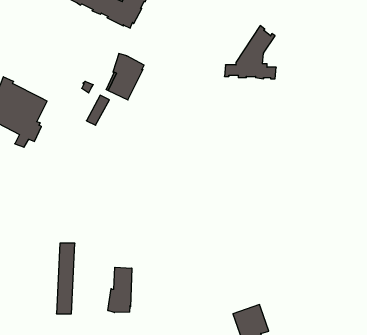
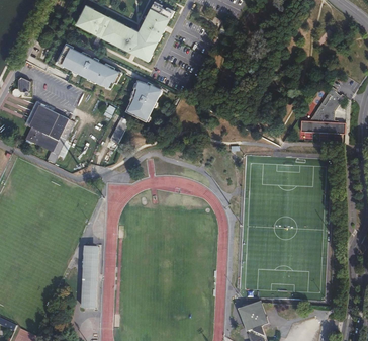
building: none -> [58,46,119,87]
building: [224,26,276,79] -> [299,86,345,133]
building: [108,267,132,313] -> none

